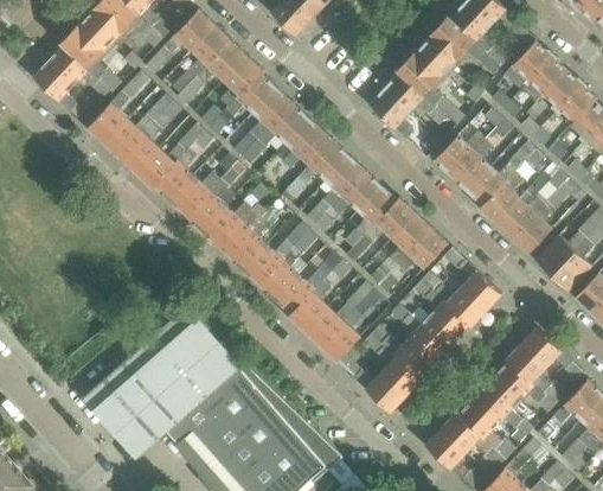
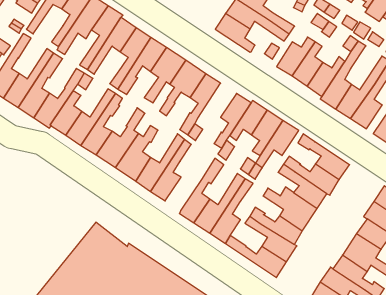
building: [329,171,380,215] -> none
building: [274,253,341,313] -> none

